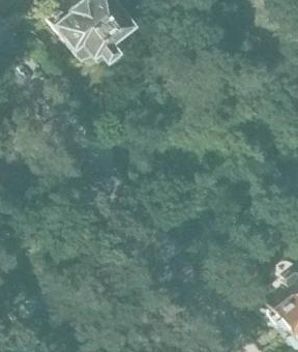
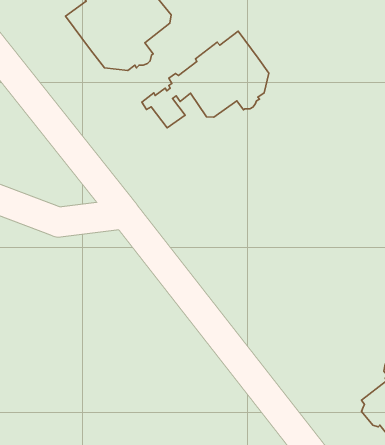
building: none -> [142,31,269,128]

